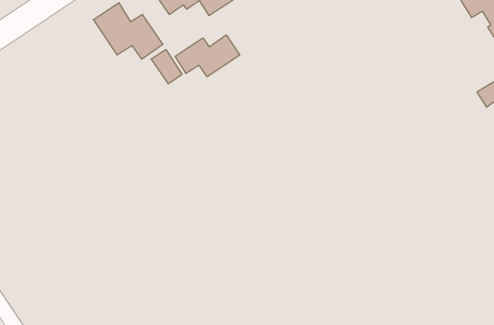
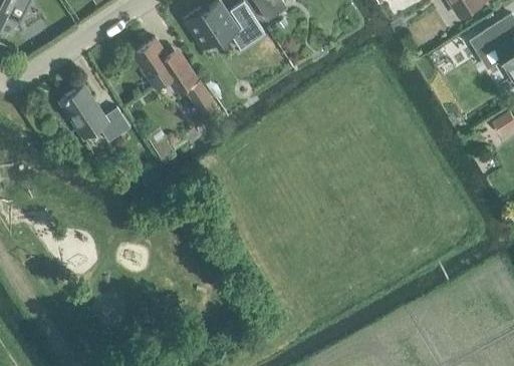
building: [175,35,240,77] -> none
building: none -> [60,86,131,142]

